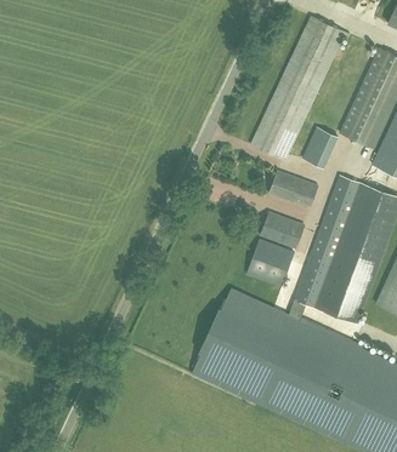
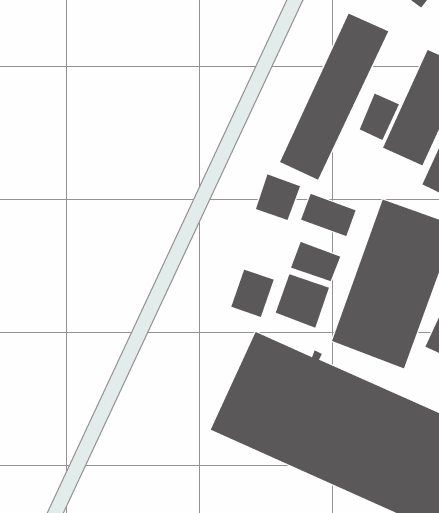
building: [301,126,336,167] -> [359,93,400,141]
building: none -> [255,174,301,221]
building: none -> [231,269,274,318]

